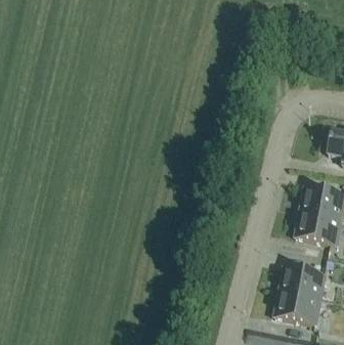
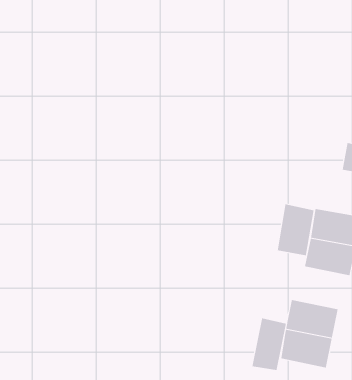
building: none -> [277,204,314,256]
building: none -> [252,318,286,371]

